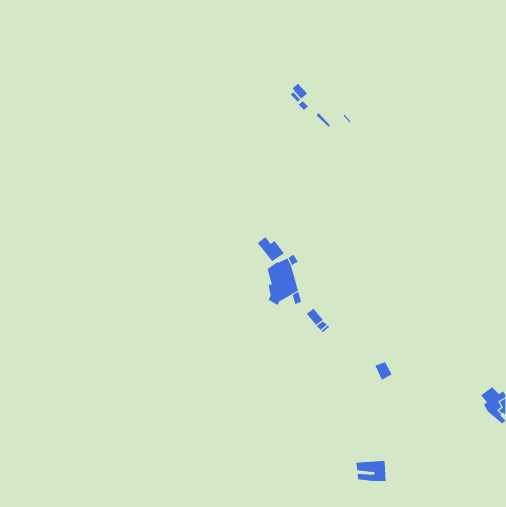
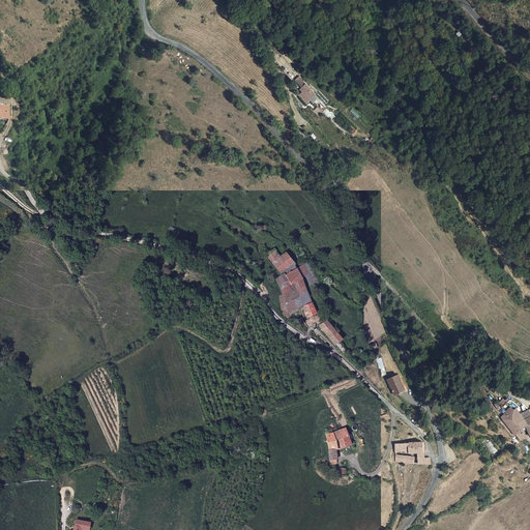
building: none -> [326,431,352,462]
building: [356,460,386,481] -> [394,441,426,463]

